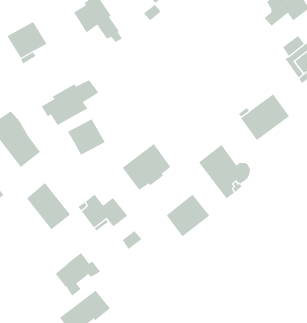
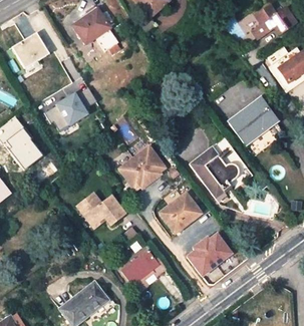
building: [67,119,105,155] -> none
building: [26,182,71,230] -> none
building: none -> [185,230,234,277]
building: [55,252,101,296] -> [123,251,167,292]

